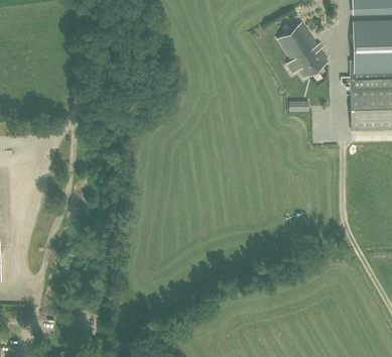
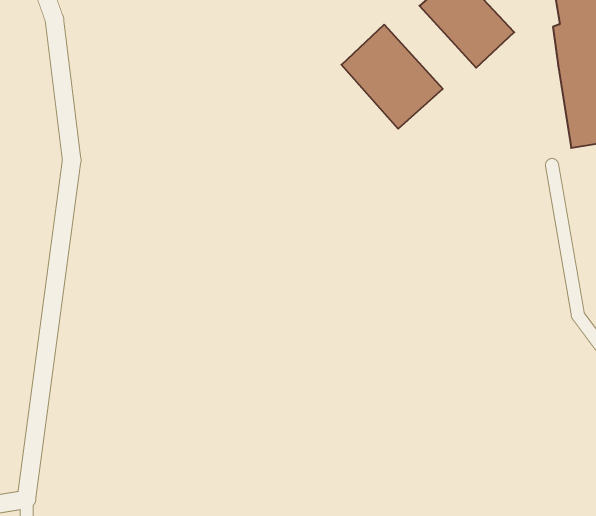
building: none -> [341,25,443,129]

